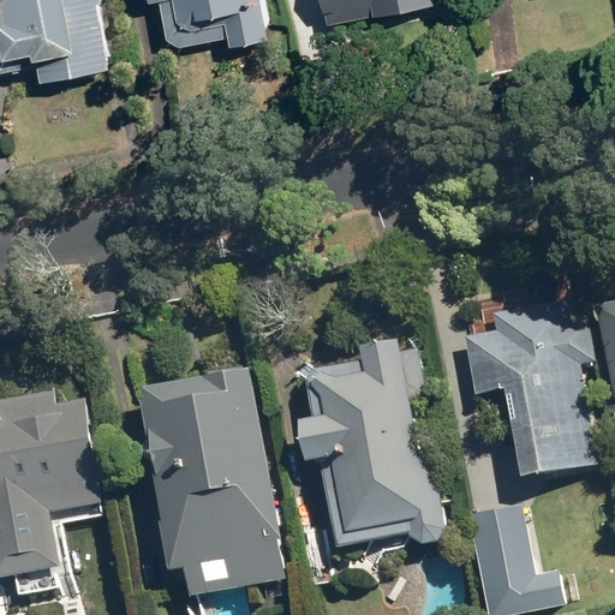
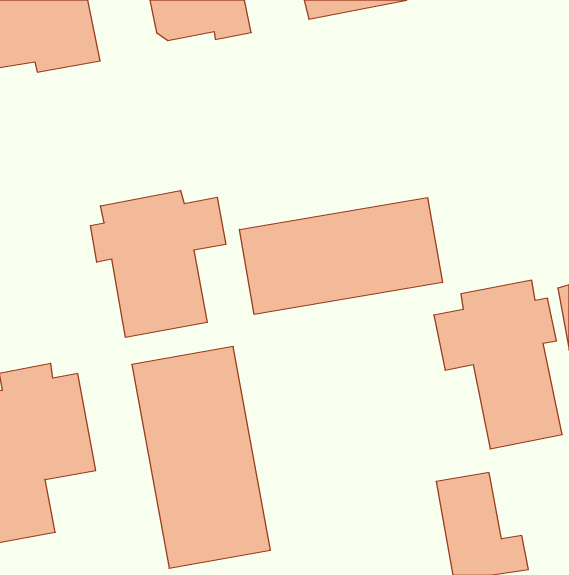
building: none -> [90,190,226,337]
building: none -> [239,198,442,314]
building: [298,341,447,547] -> none

